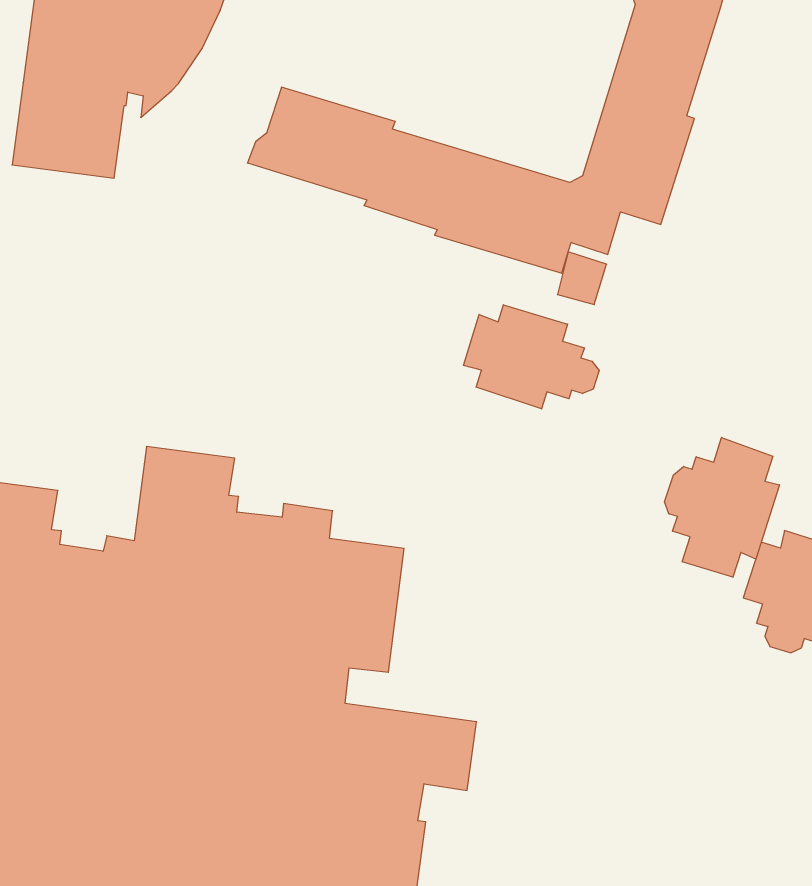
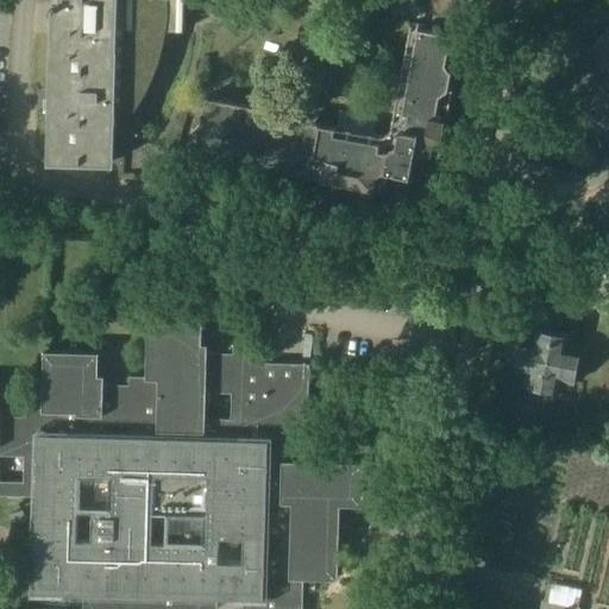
building: [464,305,599,409] -> none
building: [665,437,779,577] -> none

